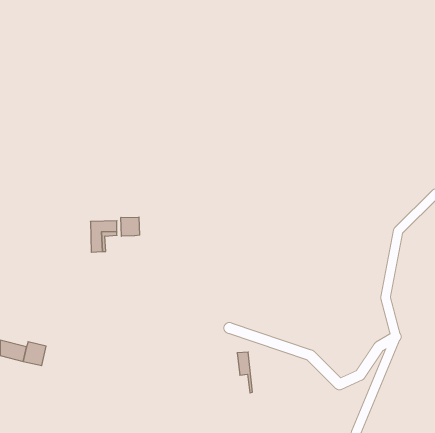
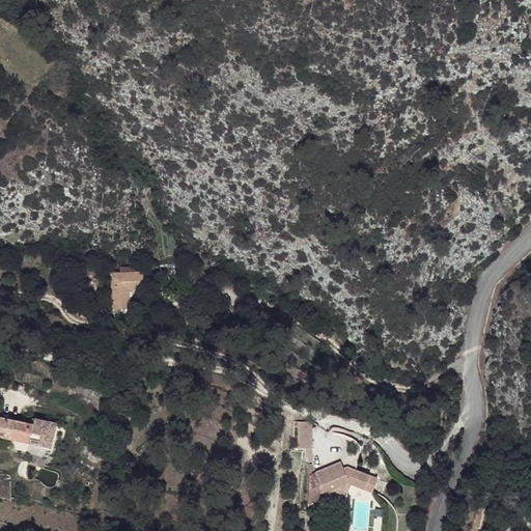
building: [121,217,140,236] -> none
building: none -> [312,466,374,502]

